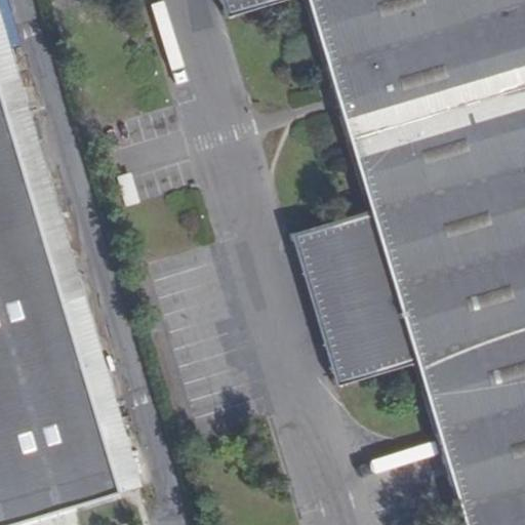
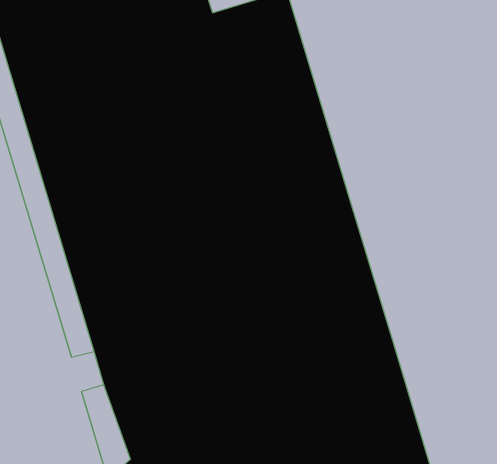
building: [290,208,414,383] -> none

